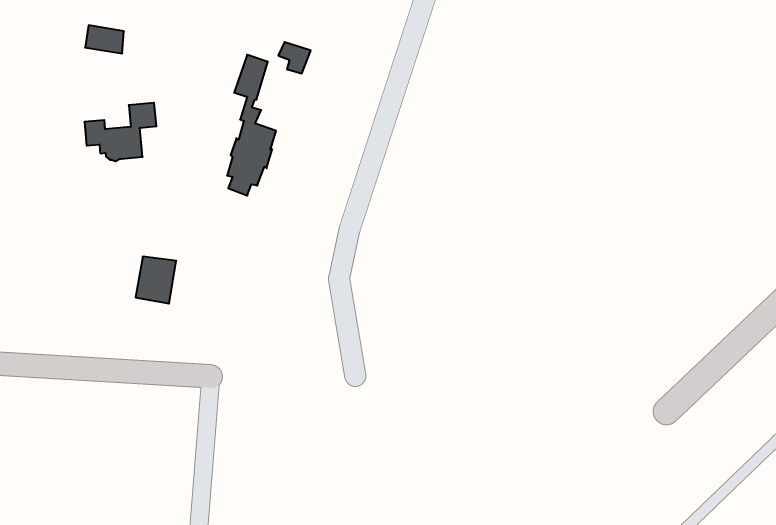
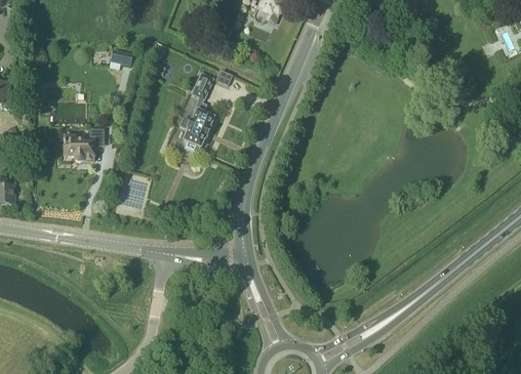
building: [84,103,156,161] -> [64,129,104,160]

